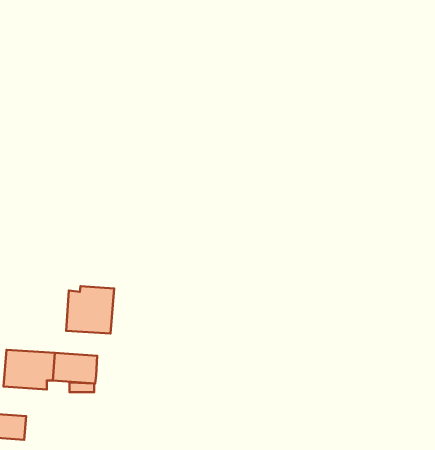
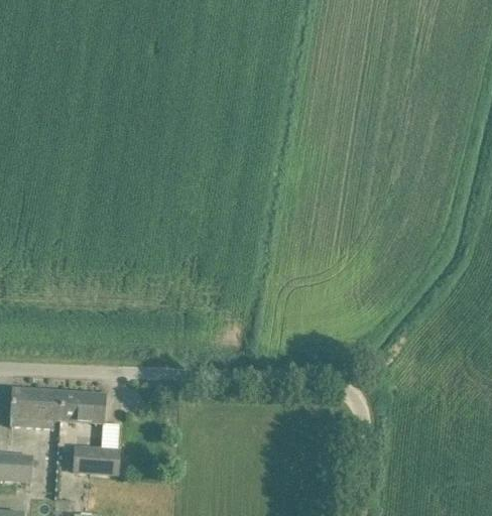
building: [66,286,114,333] -> none
building: none -> [73,446,119,474]

